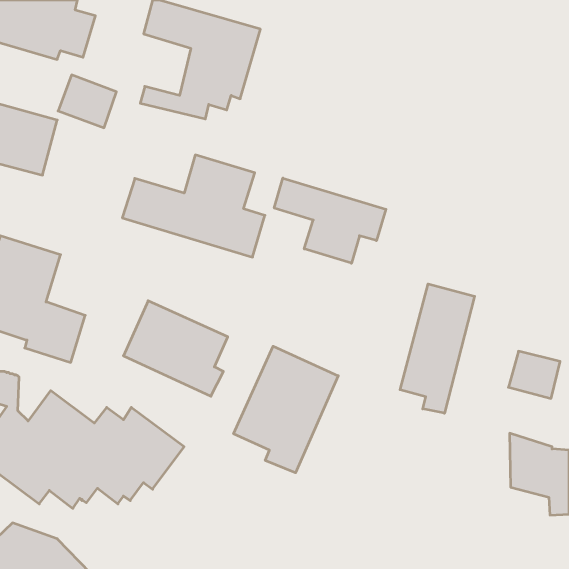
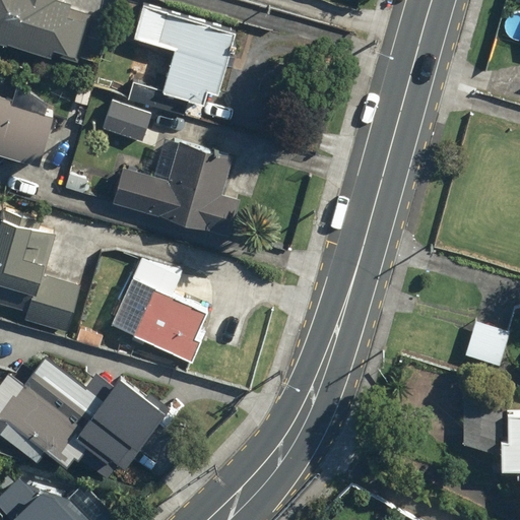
building: [58,75,116,128] -> [102,98,154,145]
building: [274,178,386,263] -> none
building: [400,284,475,413] -> none
building: [234,346,338,473] -> none

